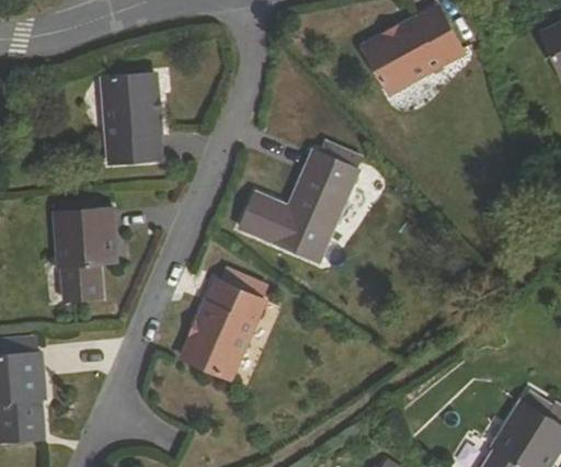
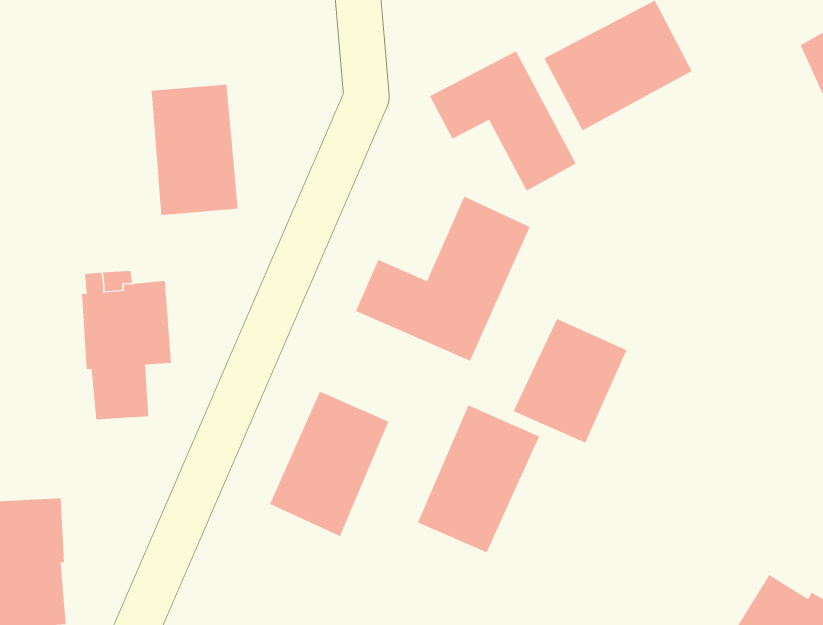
building: none -> [429,50,577,192]
building: none -> [513,318,627,443]
building: none -> [417,405,540,553]

